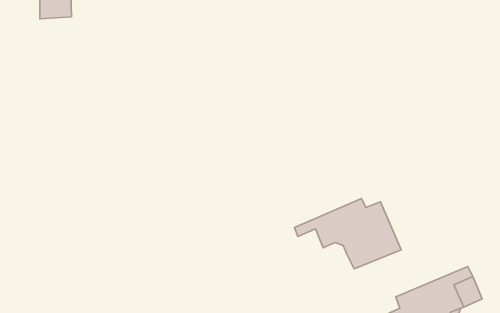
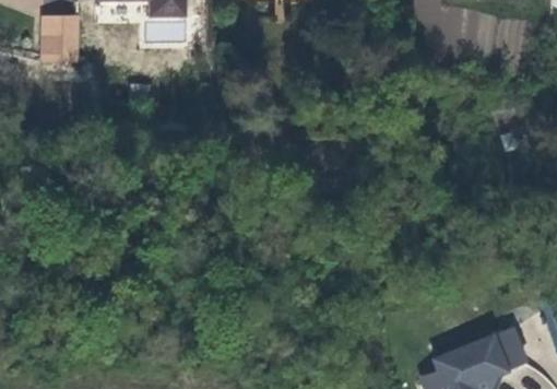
building: [294,198,401,269] -> none

